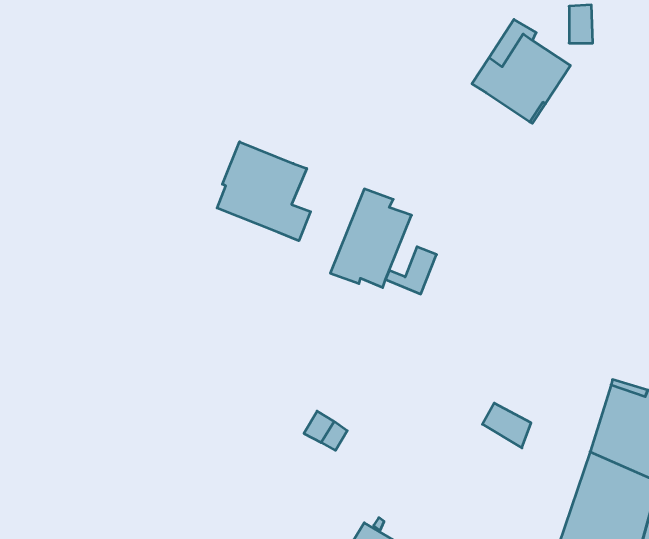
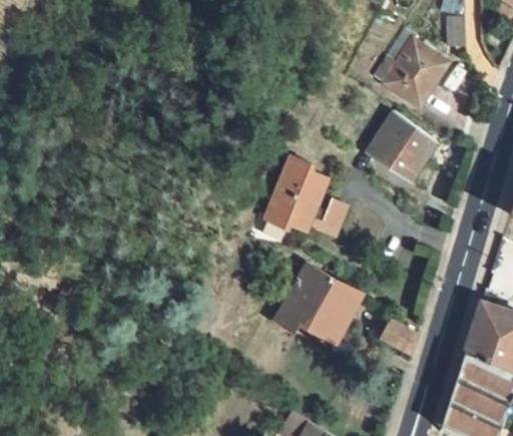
building: none -> [367,110,438,180]
building: [217,142,311,241] -> none
building: none -> [275,263,363,343]

